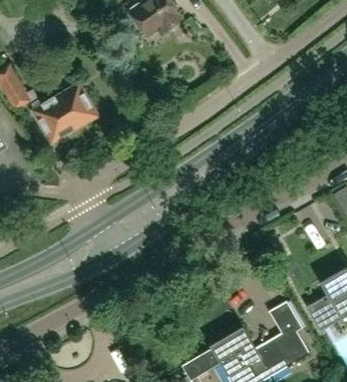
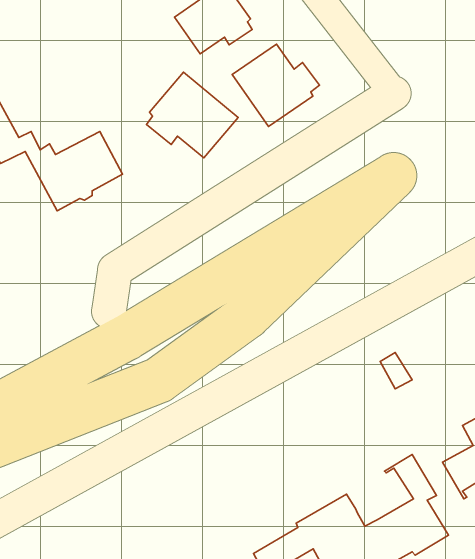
building: none -> [232,44,319,126]
building: none -> [146,72,238,158]

